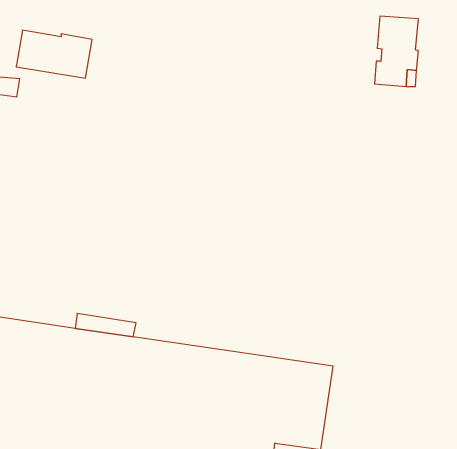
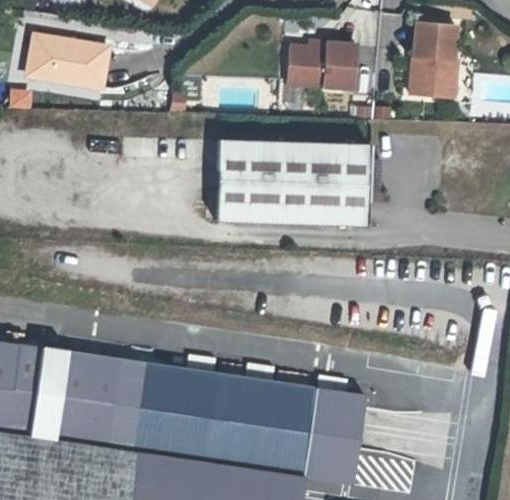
building: none -> [286,42,358,89]
building: none -> [215,140,370,226]

